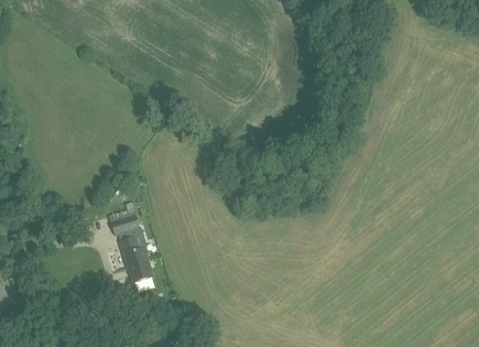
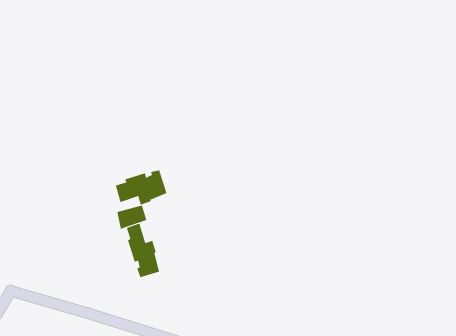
building: none -> [115,169,167,205]

